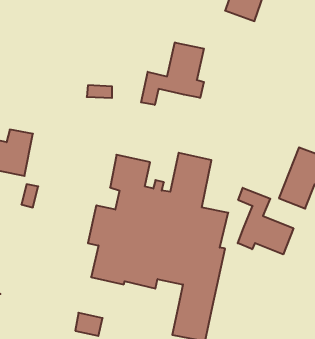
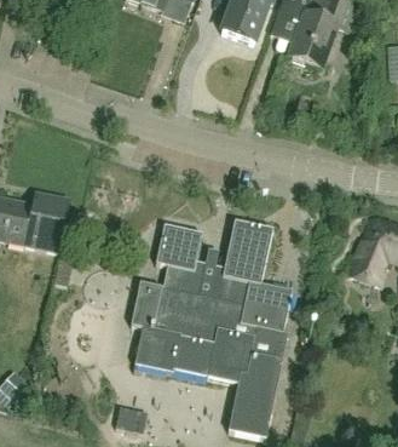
building: [141,42,204,105] -> none
building: [238,188,293,254] -> none

